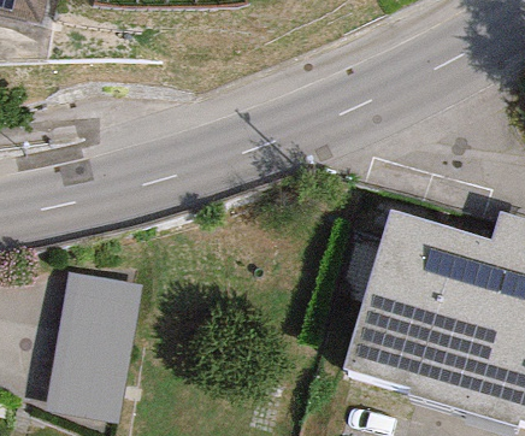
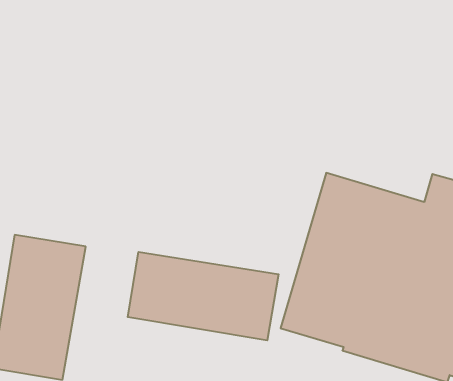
building: none -> [128,252,279,340]

